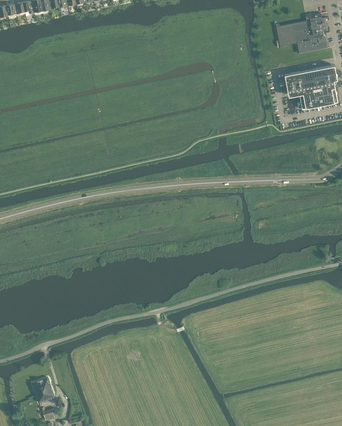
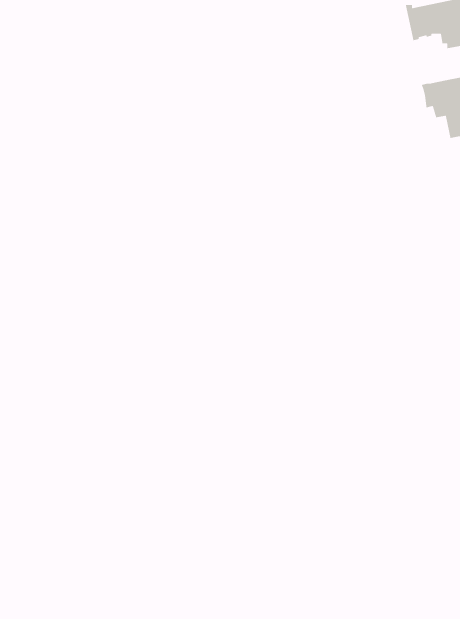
building: [32,377,55,403] -> none

